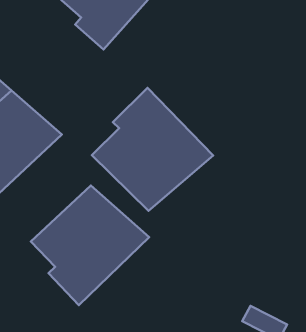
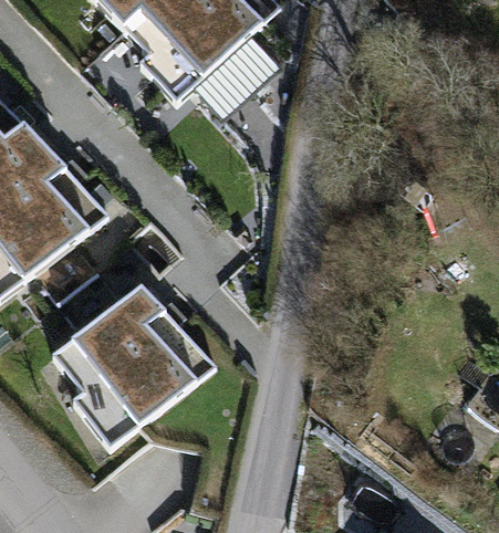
building: [92,88,213,211] -> none

